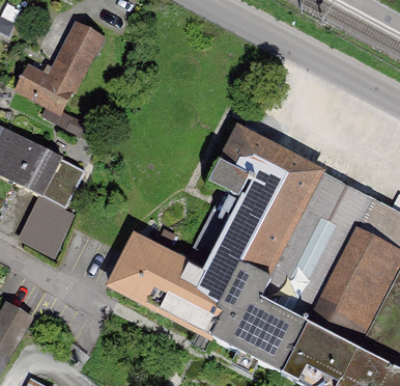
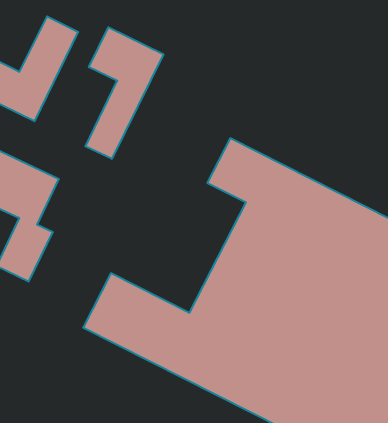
building: none -> [85,27,163,159]

